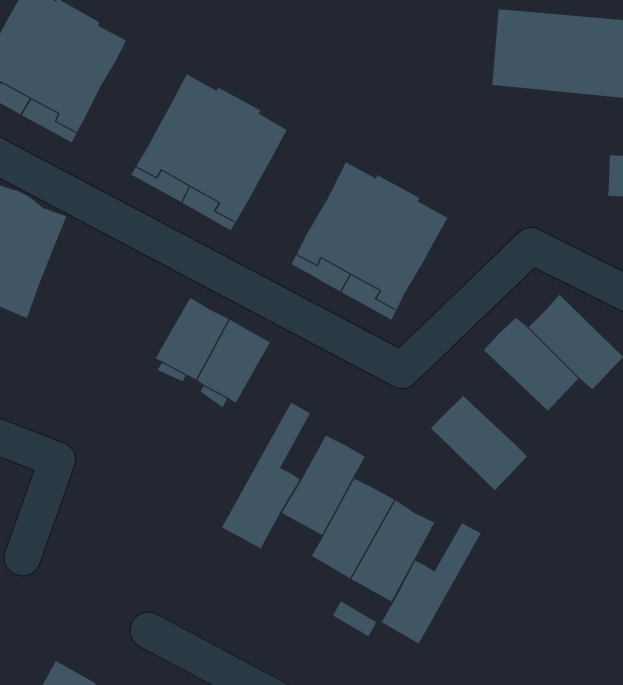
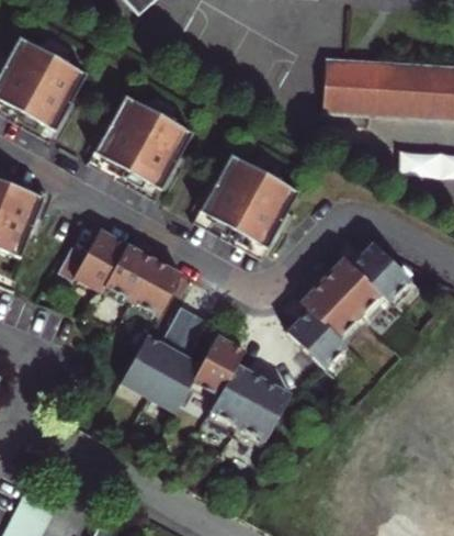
building: none -> [57,230,127,291]
building: none -> [300,280,364,343]
building: none -> [121,306,194,398]
building: [381,522,482,644] -> none

